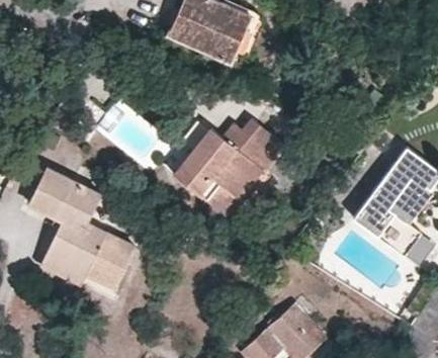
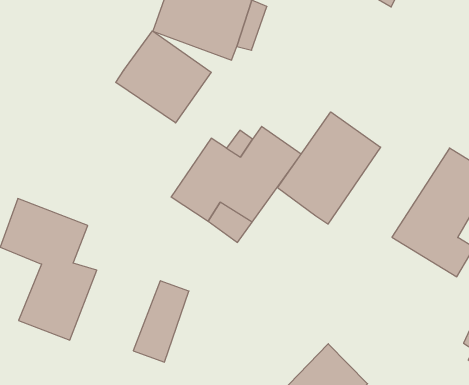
building: none -> [116,31,211,123]
building: none -> [278,112,381,224]
building: [82,231,132,298] -> [133,281,189,362]

